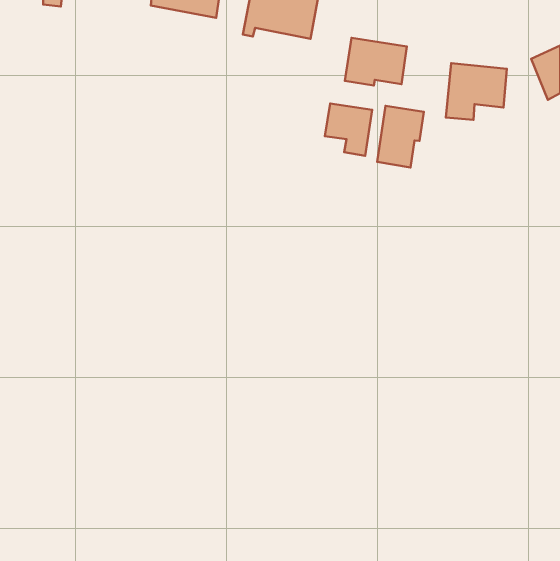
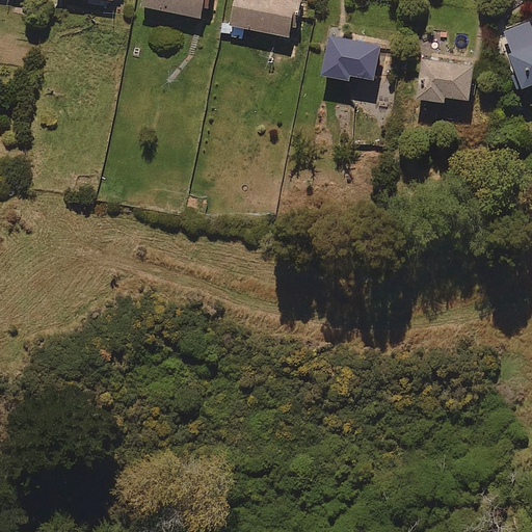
building: [325,103,372,156] -> none
building: [377,106,424,167] -> none

